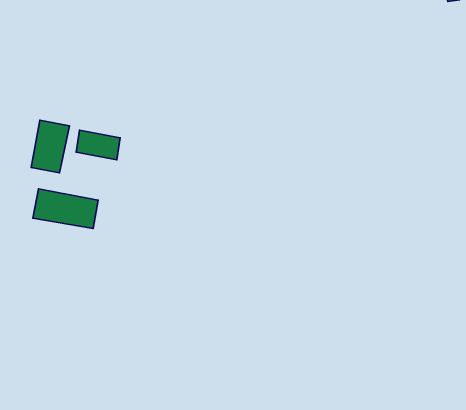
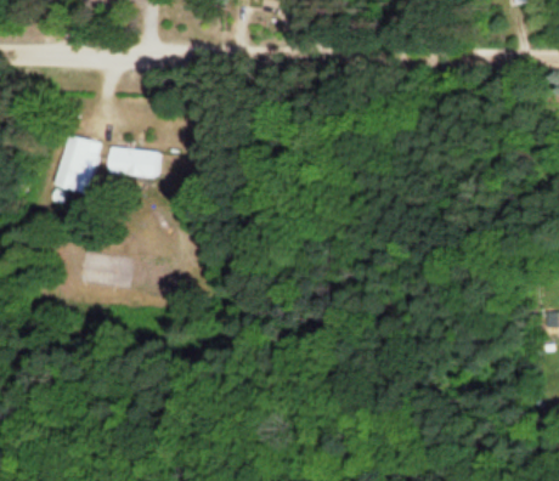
building: [33,189,98,228] -> none

